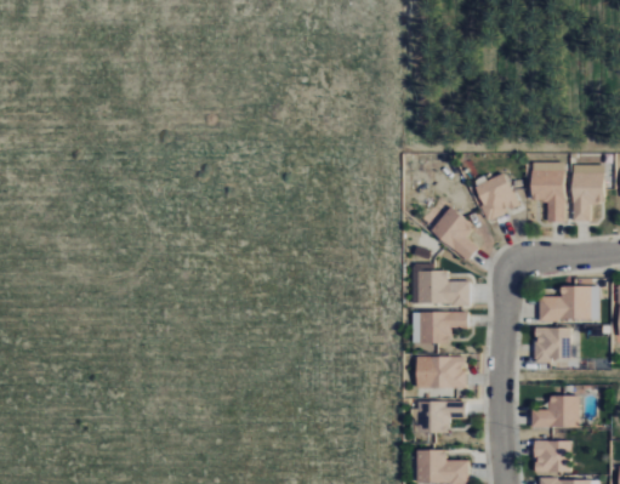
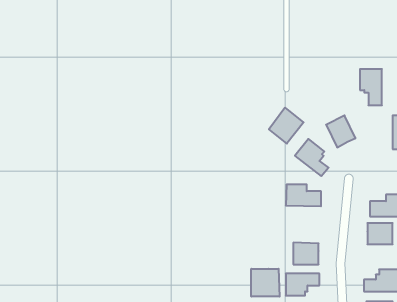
building: none -> [269,108,304,144]
building: [533,170,564,222] -> [360,69,382,105]
building: [419,312,467,345] -> none
building: none -> [251,269,280,297]

